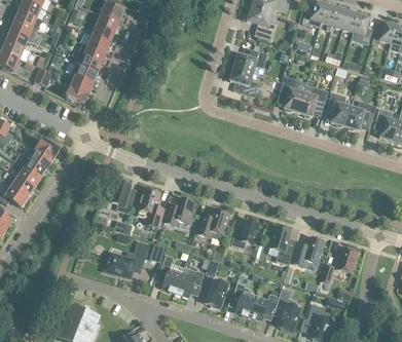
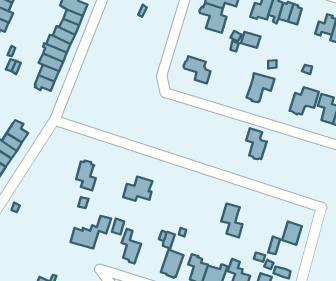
building: [351,12,373,44] -> none
building: [233,46,267,72] -> none
building: [281,75,306,111] -> none
building: [328,91,351,125] -> [246,128,267,159]
building: [138,187,165,227] -> none
building: [196,207,229,239] -> none
building: [231,219,259,246] -> none
building: [292,236,324,266] -> none
building: [175,266,204,296] -> none

